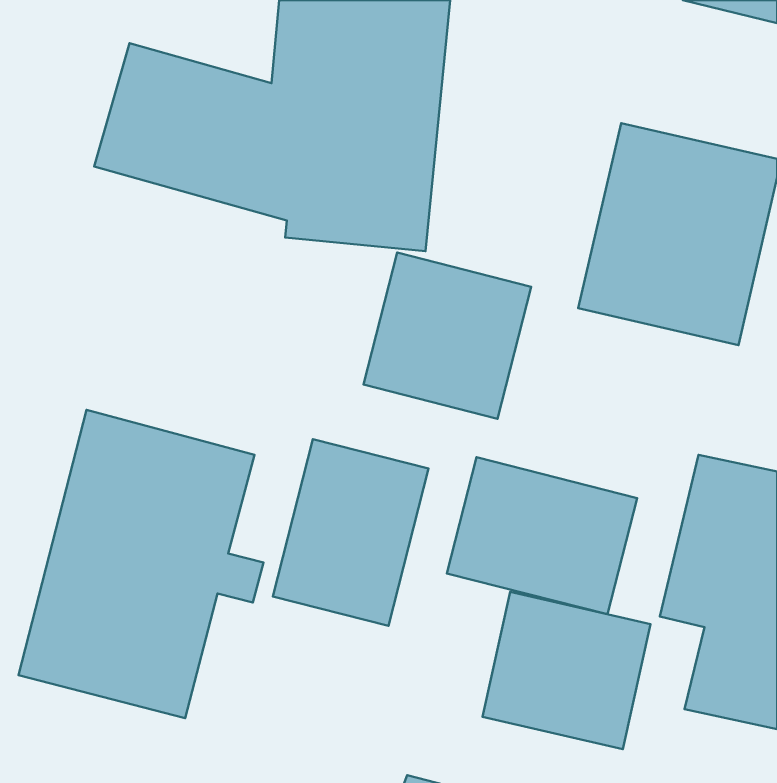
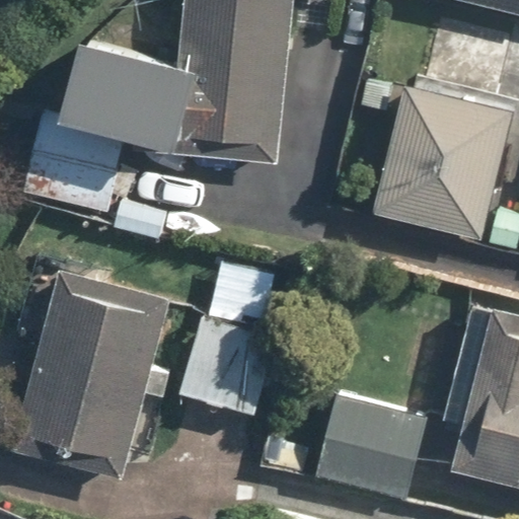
building: none -> [22,108,127,213]
building: [364,253,531,419] -> none
building: [447,457,637,614] -> none

